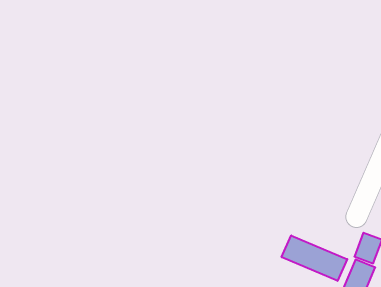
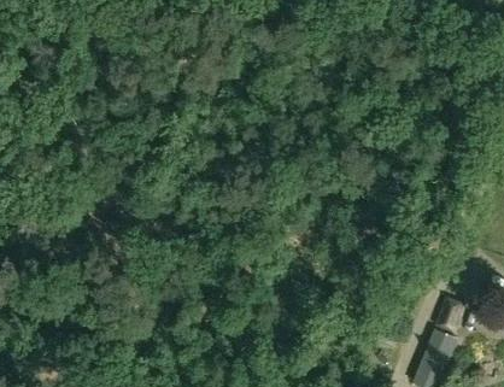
building: [282,235,347,281] -> none

